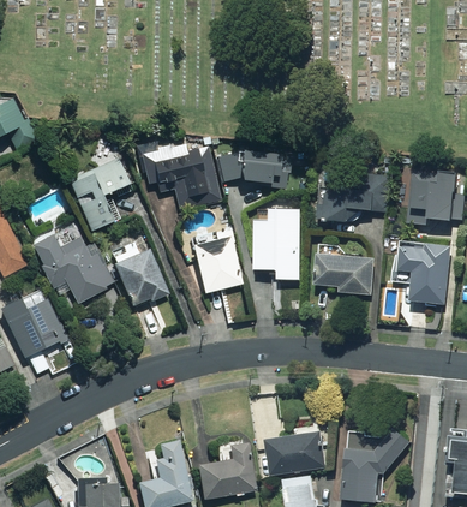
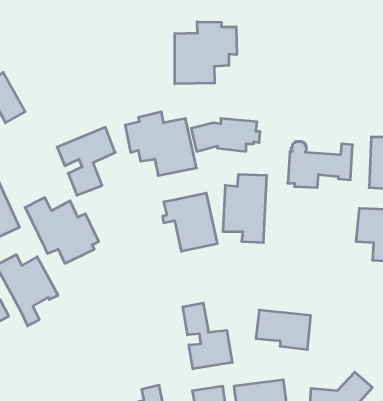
building: none -> [175,22,237,84]
building: [112,238,170,304] -> none
building: [317,252,377,296] -> [256,310,311,350]
building: none -> [183,303,232,369]

